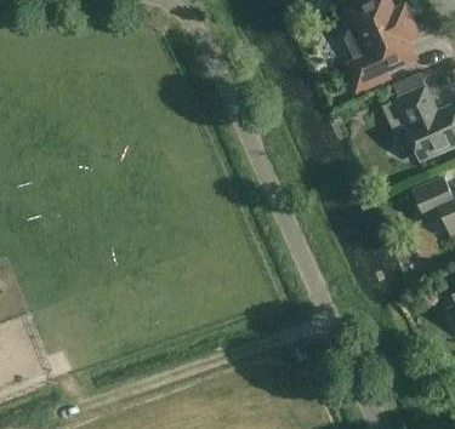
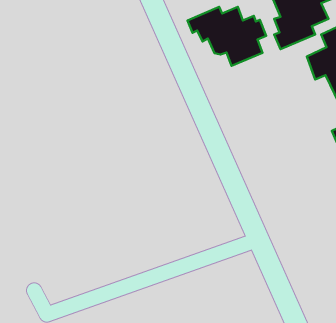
building: none -> [187,7,266,66]

